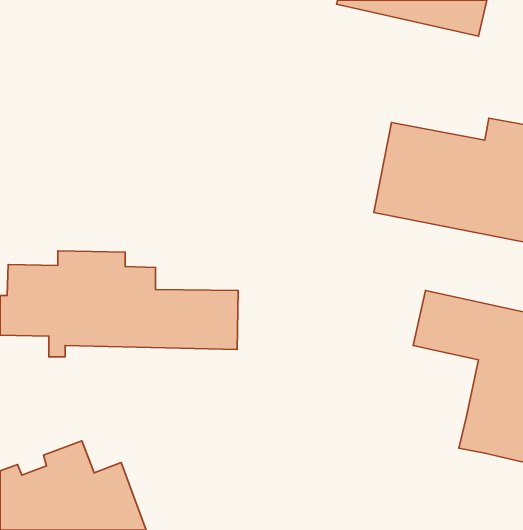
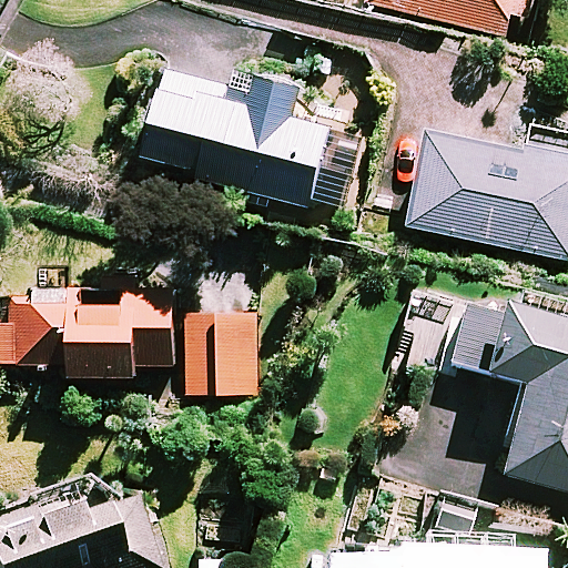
building: none -> [135,71,327,205]

